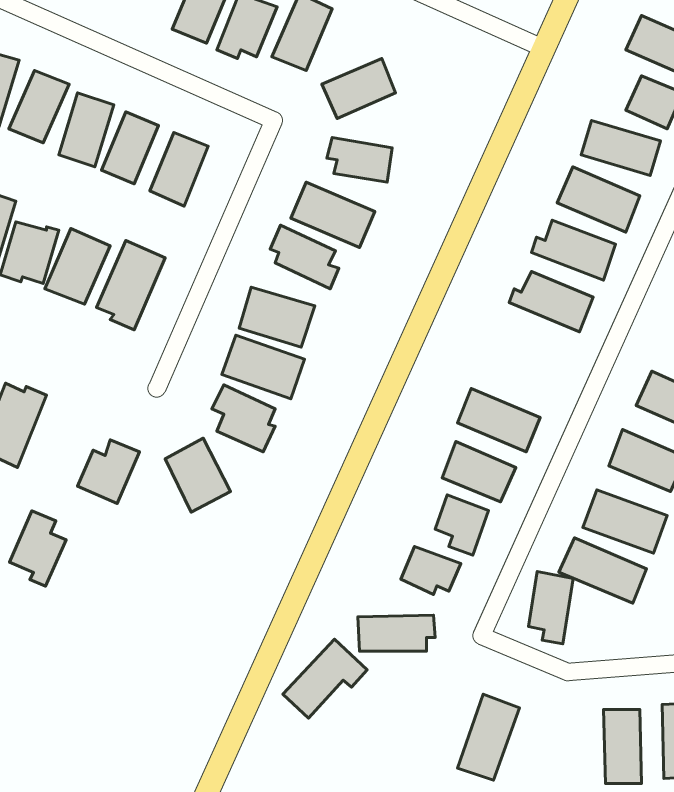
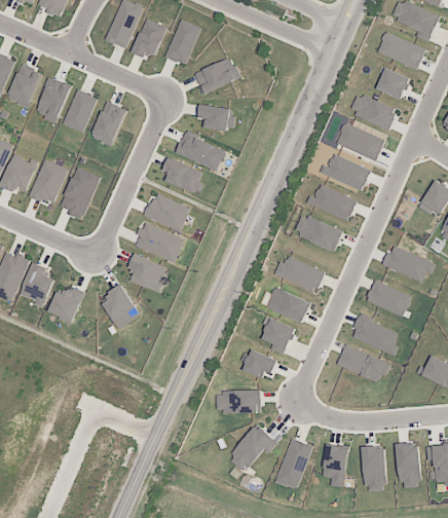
building: none -> [293,214,343,251]
building: [9,511,66,586] -> [21,263,54,308]
building: [529,572,573,644] -> [322,444,348,487]
building: [283,639,367,718] -> [227,424,277,472]

